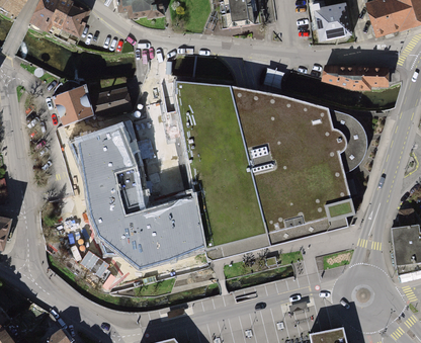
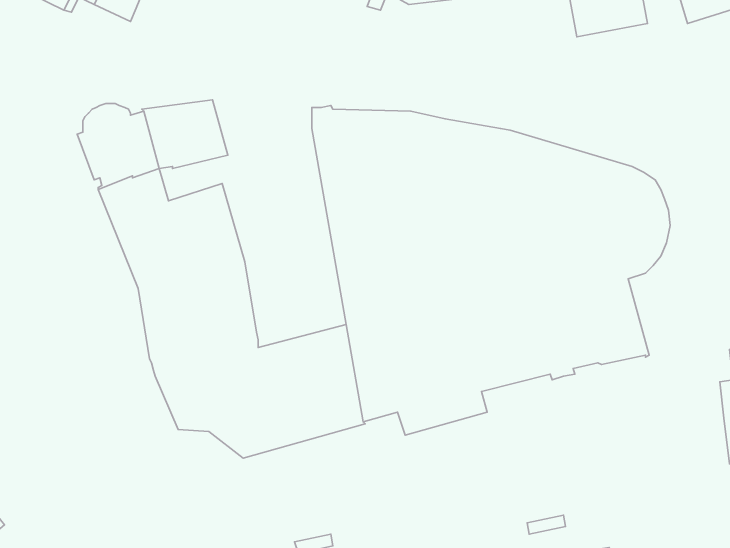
building: [322,65,390,90] -> none

